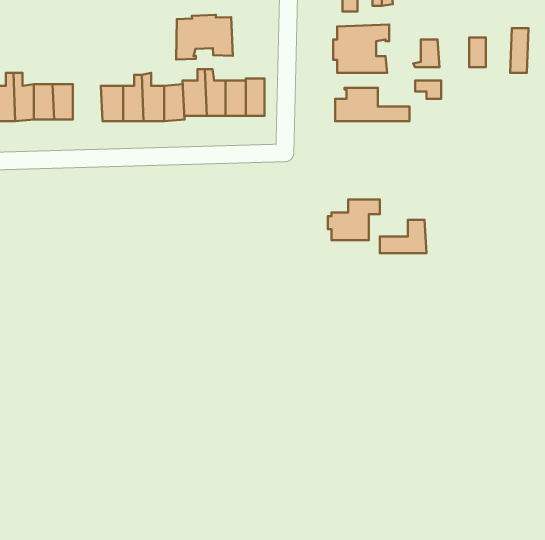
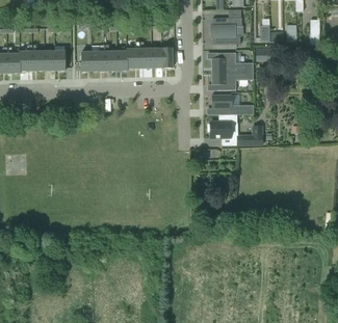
building: [176,15,233,60] -> none
building: none -> [211,71,253,89]
building: none -> [211,93,253,114]

